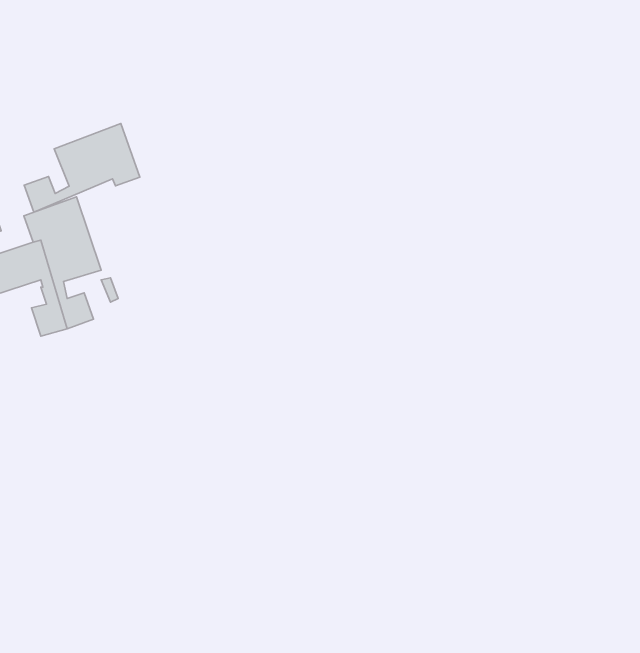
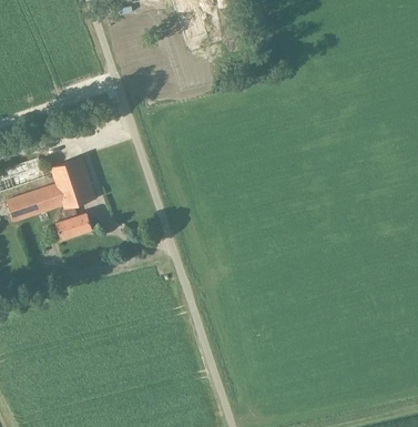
building: [24,123,140,212] -> none

